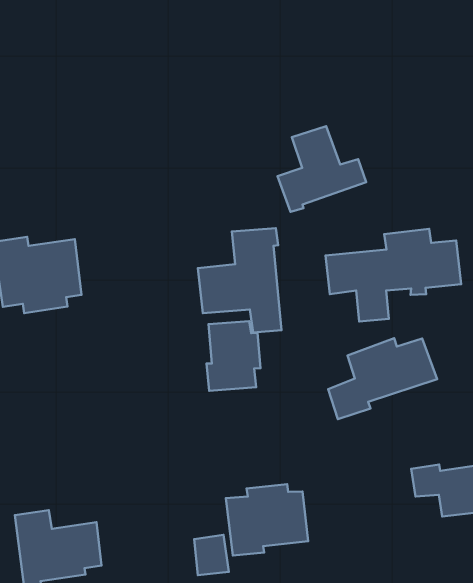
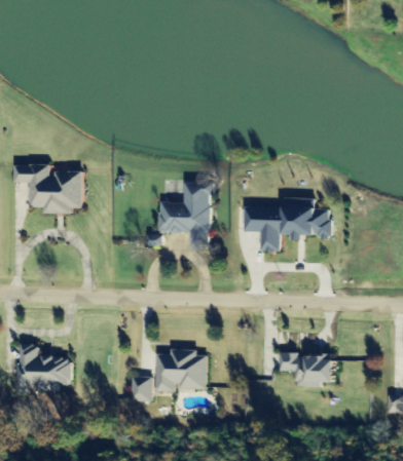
building: [277,126,366,212] -> none
building: [207,321,260,391] -> none
building: [328,338,437,419] -> none

